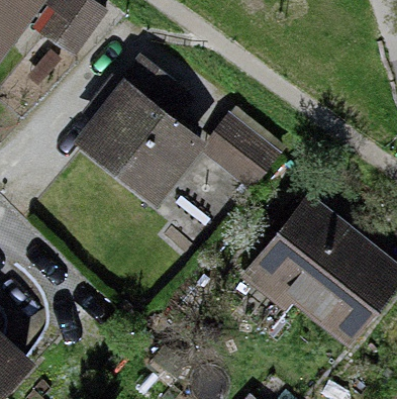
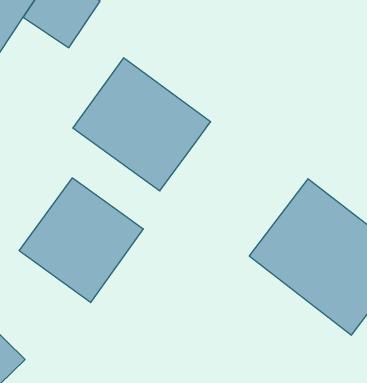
building: [197,114,278,192] -> none
building: none -> [19,178,143,303]

